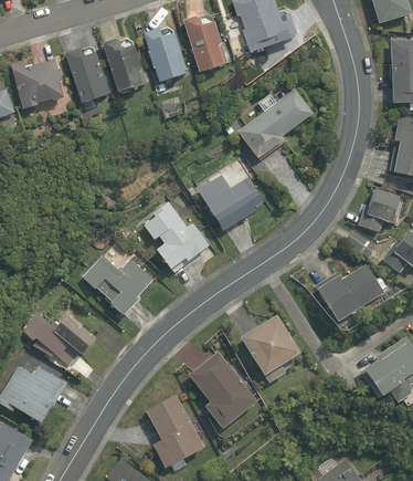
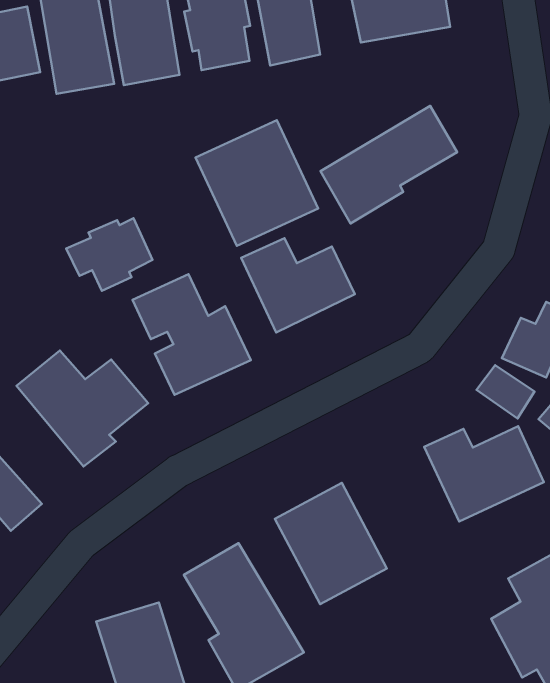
building: none -> [196,120,318,246]
building: none -> [66,218,153,291]

